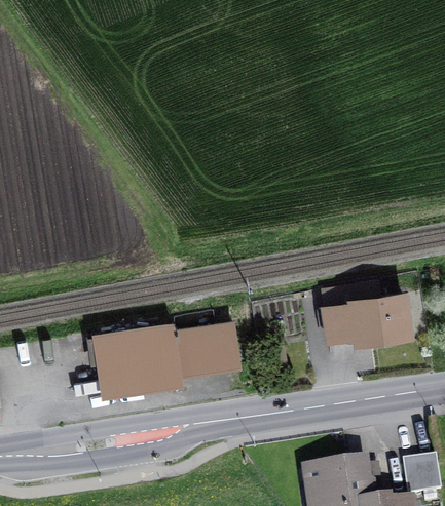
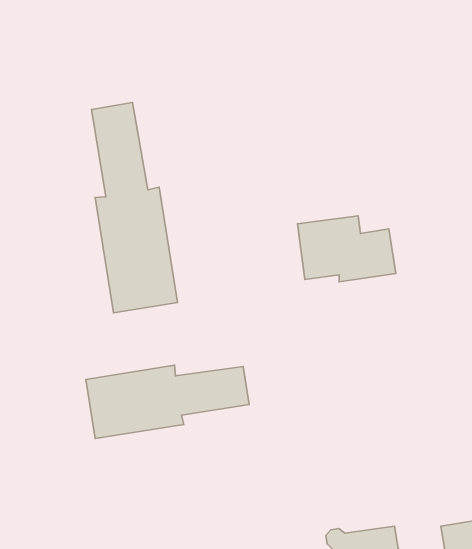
building: none -> [92,103,178,313]
building: [323,284,408,342] -> [298,216,396,282]

